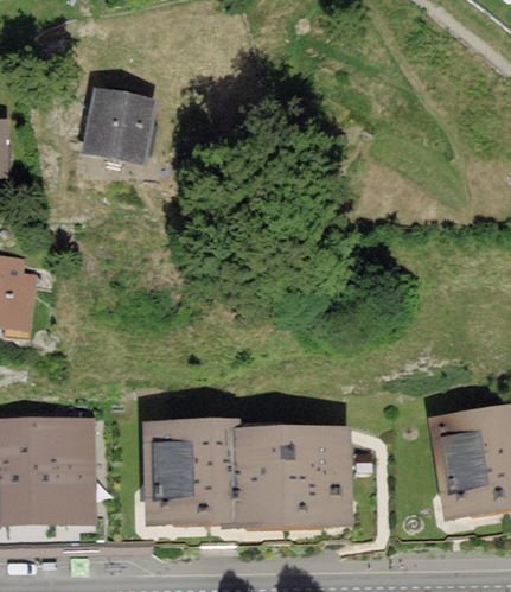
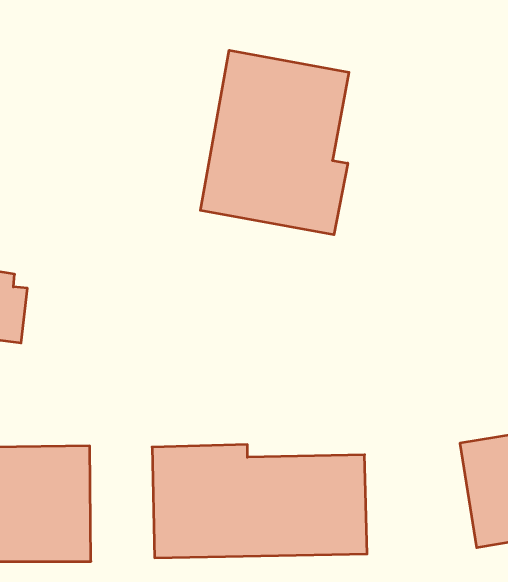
building: none -> [200,50,349,235]
building: [87,88,153,157] -> none

